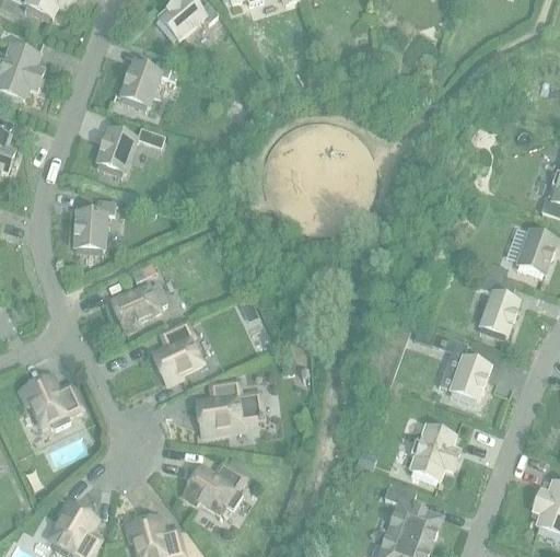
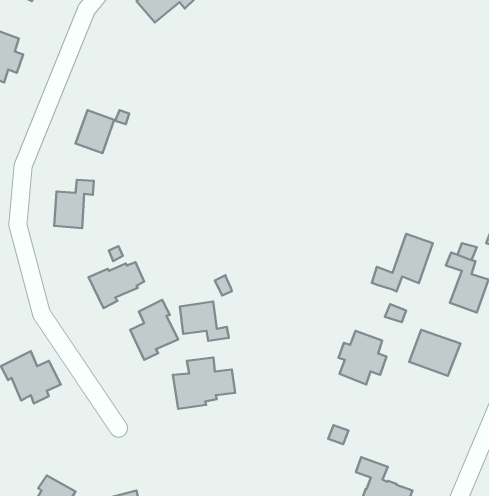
building: [120,60,171,105] -> none
building: none -> [372,234,433,292]
building: none -> [180,301,229,341]
building: [409,426,458,480] -> [338,331,387,384]
building: [183,463,244,512] -> none

